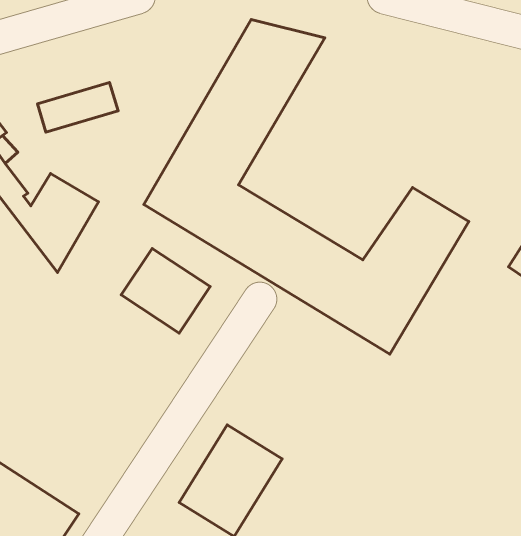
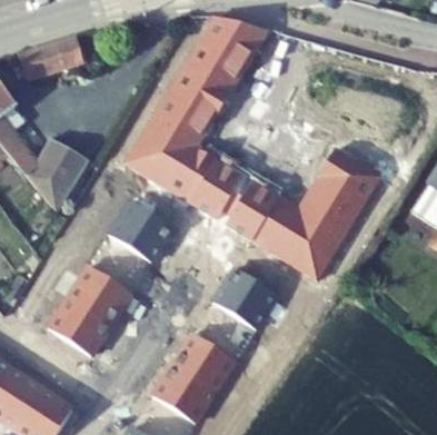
building: [37,83,118,132] -> [19,38,82,77]
building: none -> [46,265,131,356]
building: none -> [212,268,278,330]

